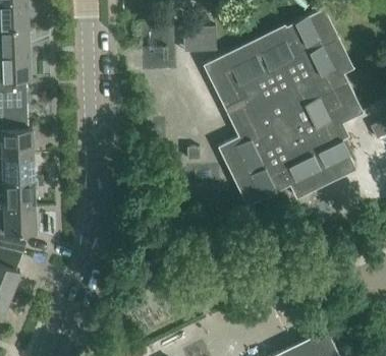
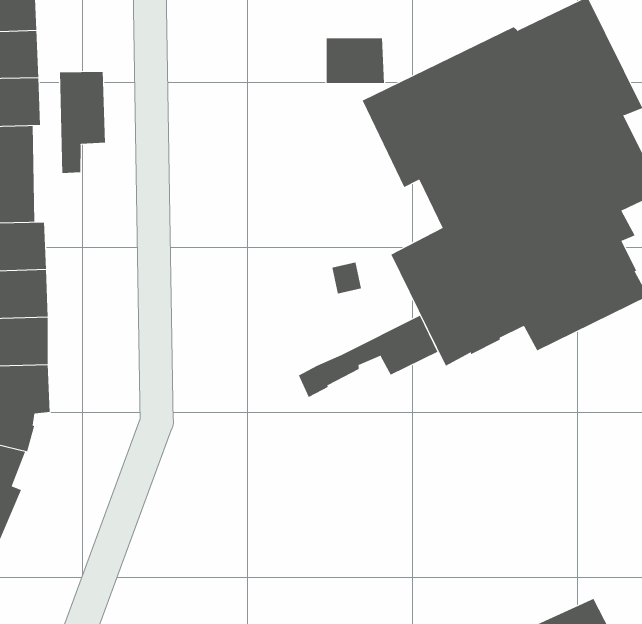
building: none -> [60,71,105,174]
building: none -> [298,315,438,398]

